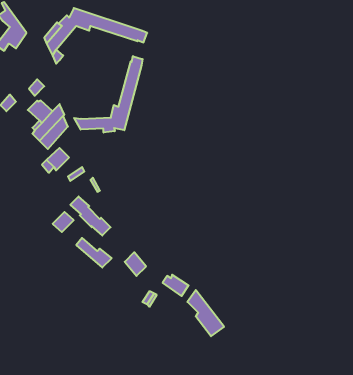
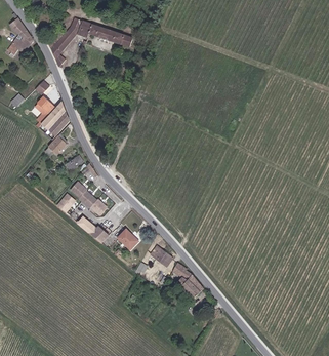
building: [74,56,143,133] -> none

